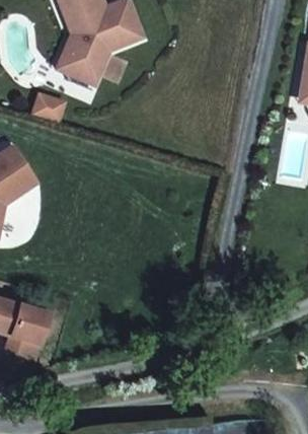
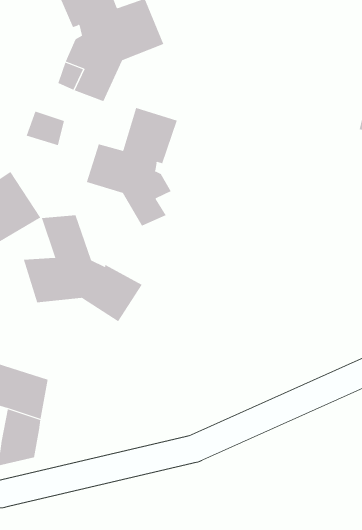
building: none -> [86,107,178,226]
building: none -> [23,214,142,322]

